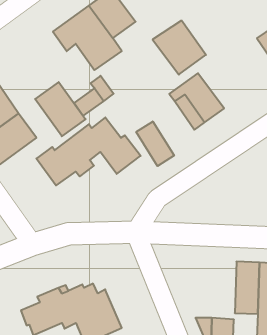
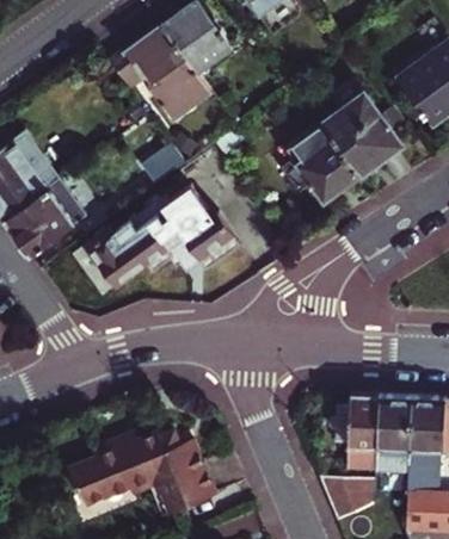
building: [153,21,206,75] -> [324,95,401,174]
building: [35,82,86,136] -> none
building: [136,121,174,166] -> none
building: none -> [331,396,380,472]

